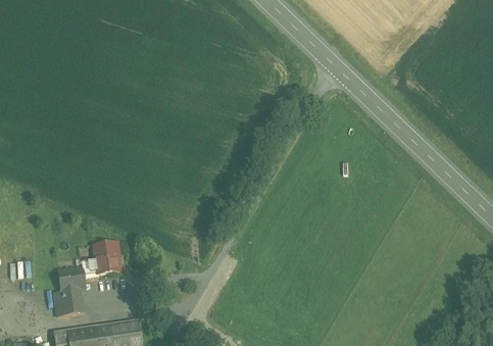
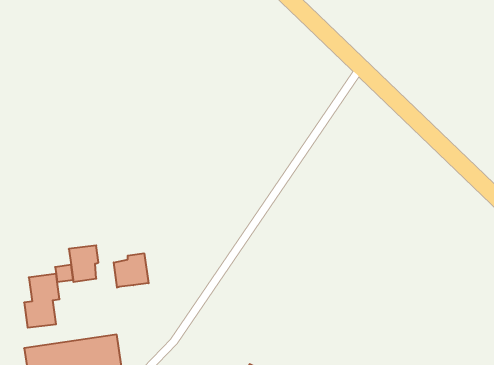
building: none -> [114,253,149,288]

